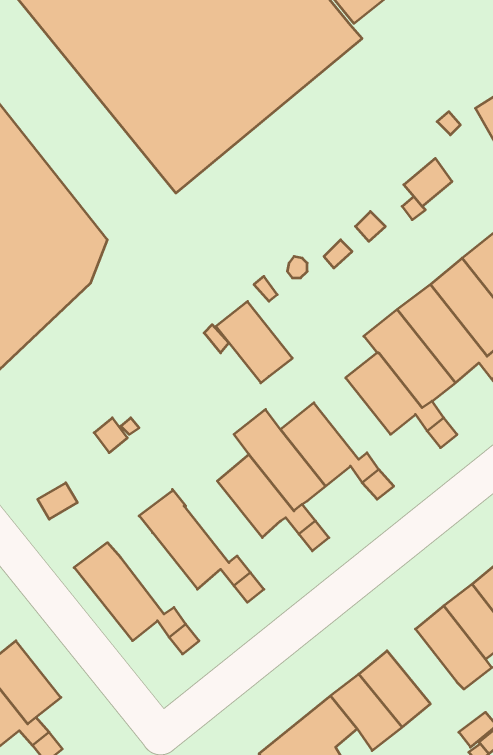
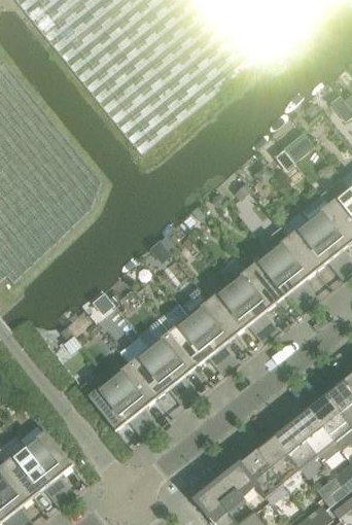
building: [216,301,292,383] -> [226,269,274,319]
building: none -> [146,332,195,383]
building: none -> [107,364,154,415]
building: none -> [272,424,315,470]

